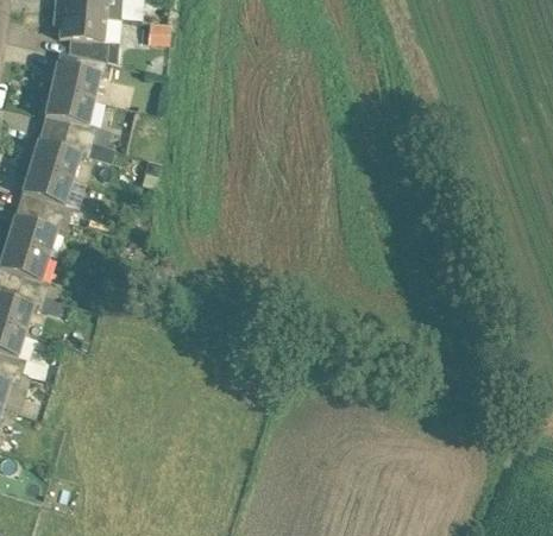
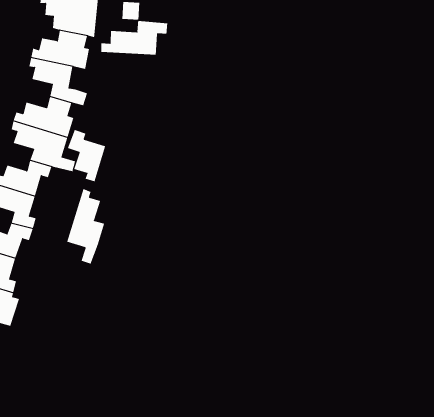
building: none -> [101,20,168,55]
building: none -> [67,129,106,182]
building: none -> [67,188,105,265]

